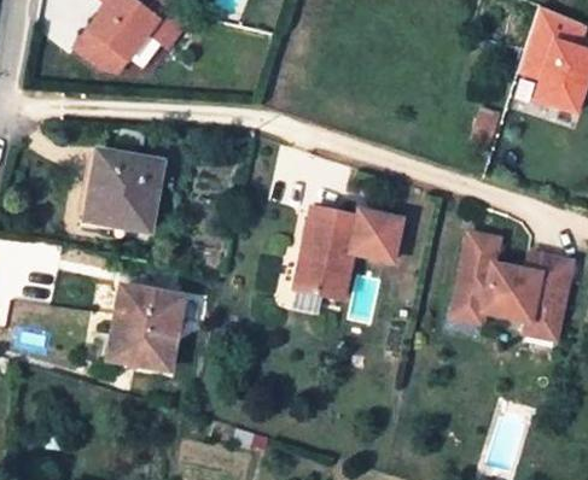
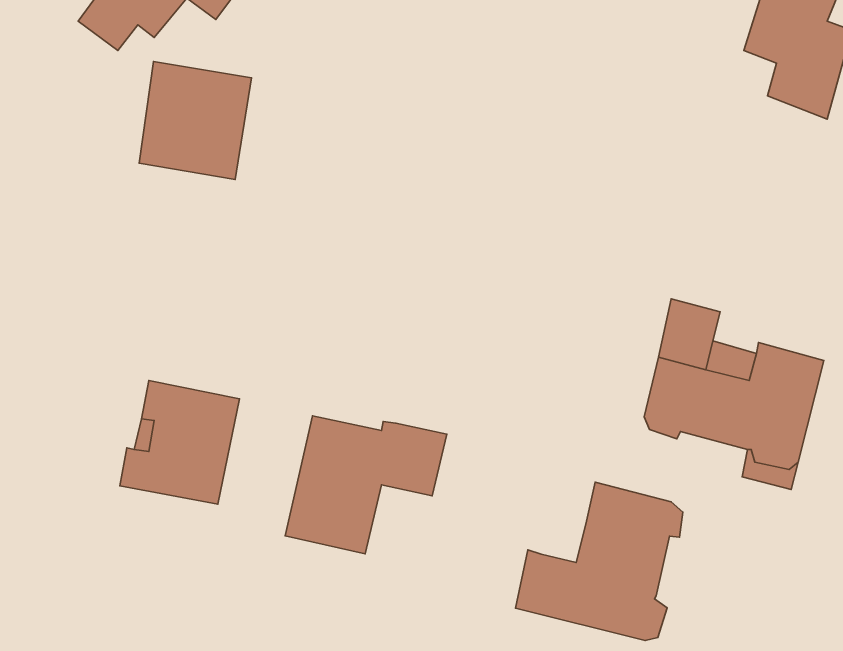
building: [87,150,162,228] -> [139,62,252,179]
building: [296,209,403,300] -> [285,416,447,554]
building: none -> [516,482,683,641]

